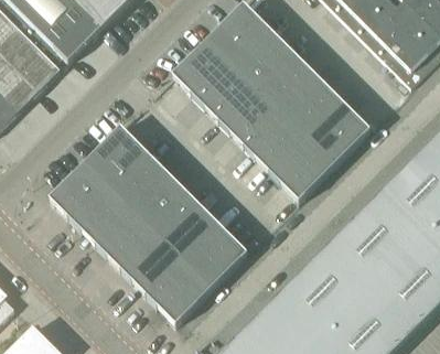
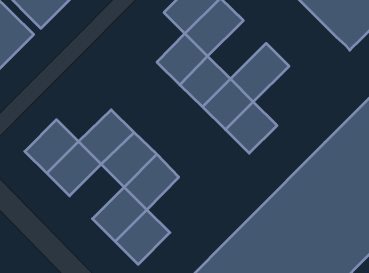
building: [172,41,227,96] -> none
building: [253,50,318,115] -> none
building: [303,100,369,167] -> none
building: [85,124,146,184] -> none
building: [99,210,160,270] -> none
building: [185,224,247,286] -> none

